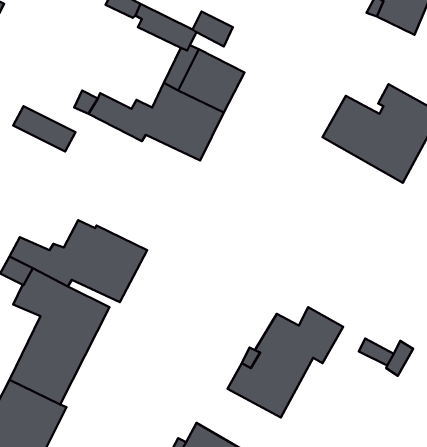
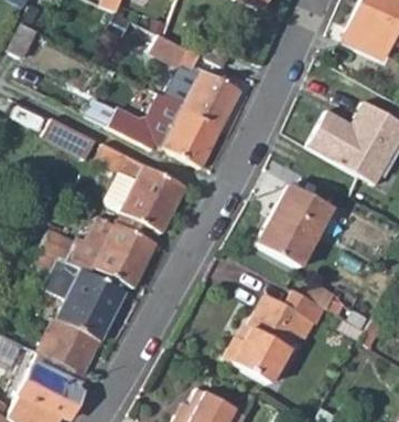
building: none -> [101,147,186,242]
building: none -> [258,186,332,268]

